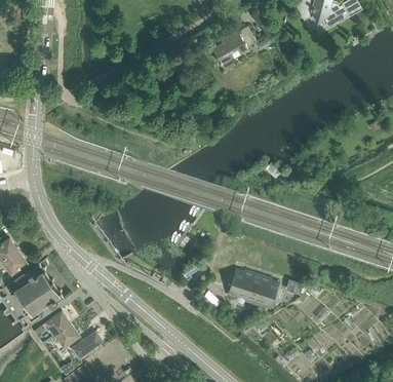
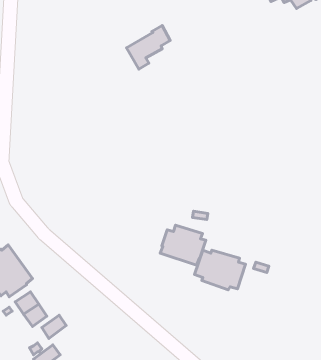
building: [211,26,256,70] -> [126,25,170,69]
building: none -> [160,225,206,265]

